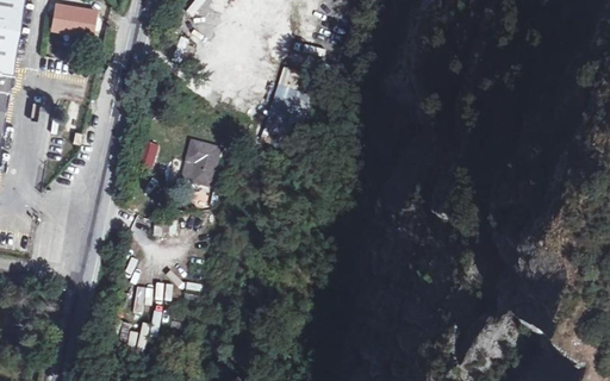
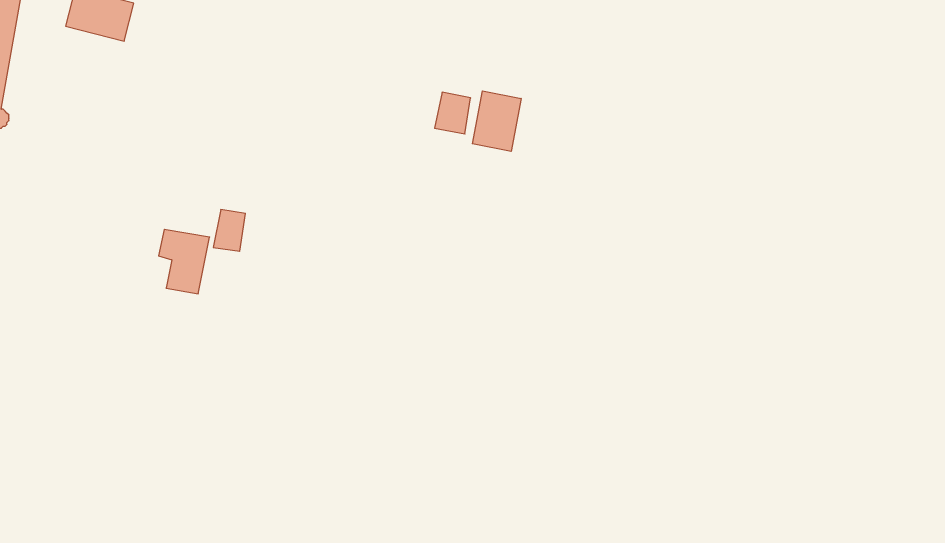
building: none -> [472,91,521,151]
building: [179,144,211,185] -> [159,229,210,294]

